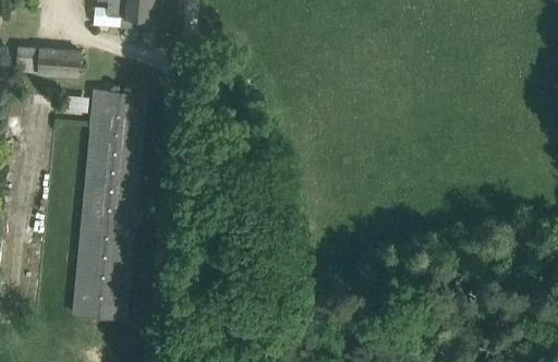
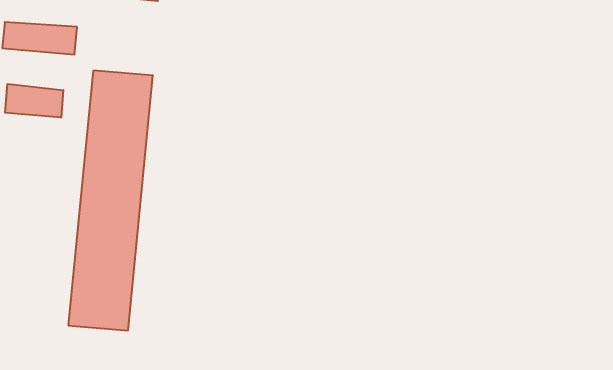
building: none -> [5,84,63,118]

